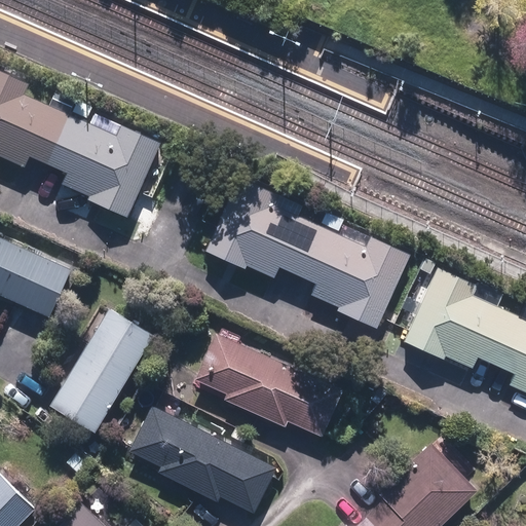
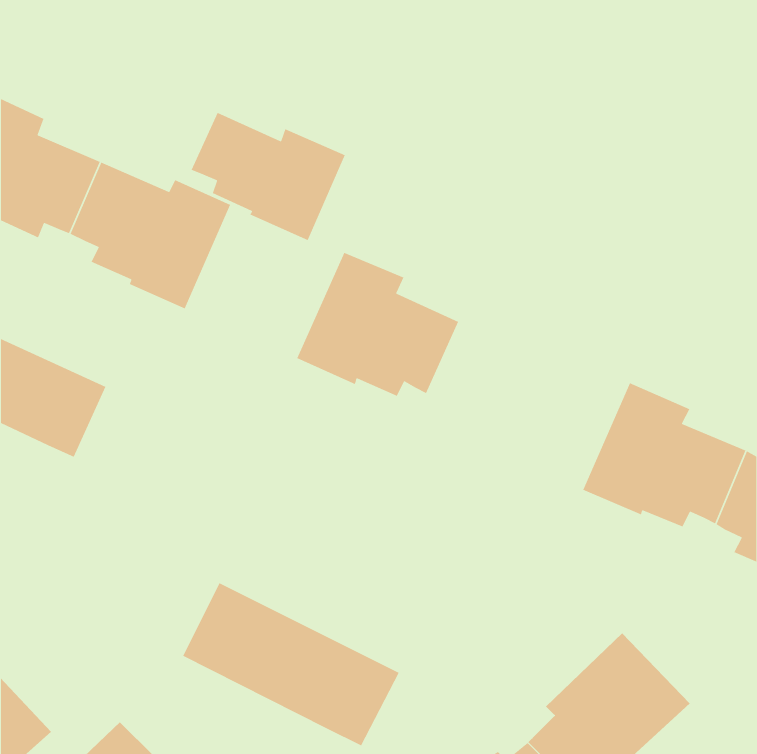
building: none -> [190,112,346,241]
building: [296,225,409,328] -> none
building: [49,308,155,434] -> none
building: [190,333,342,443] -> none

